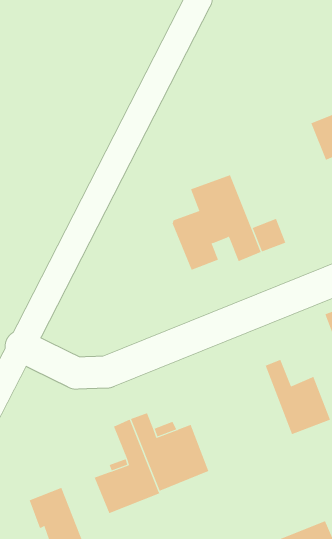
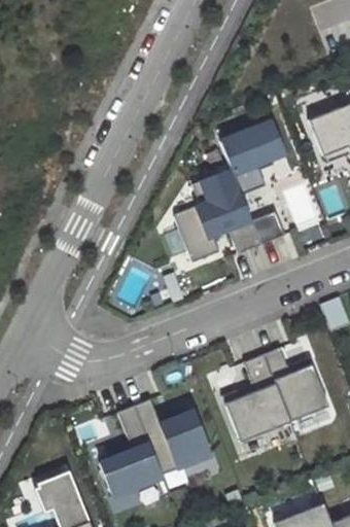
building: none -> [220,122,283,196]
building: none -> [222,354,290,442]

